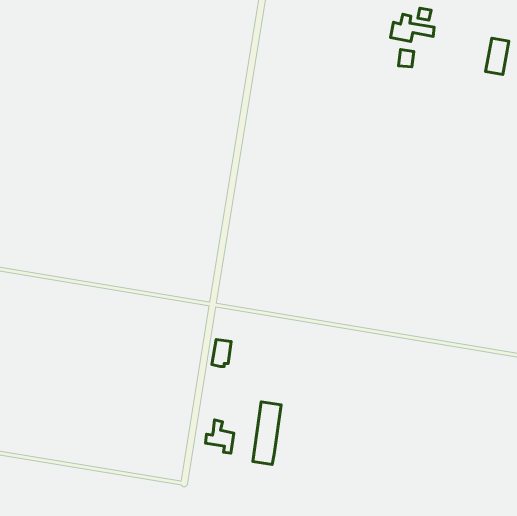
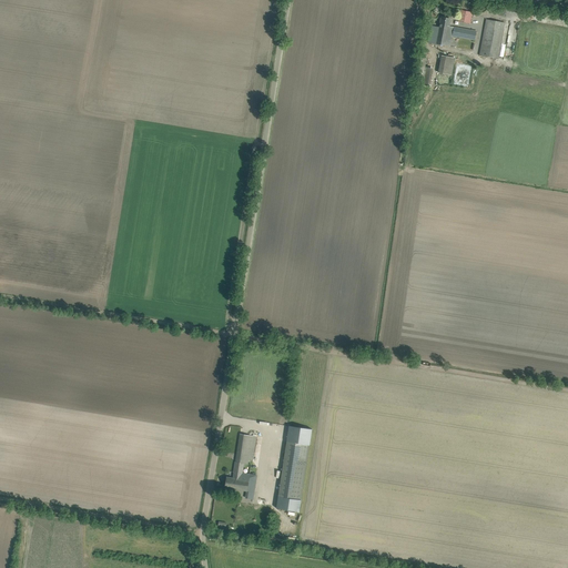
building: [486,38,509,75] -> [479,18,505,58]
building: [212,339,231,367] -> [235,433,256,463]

